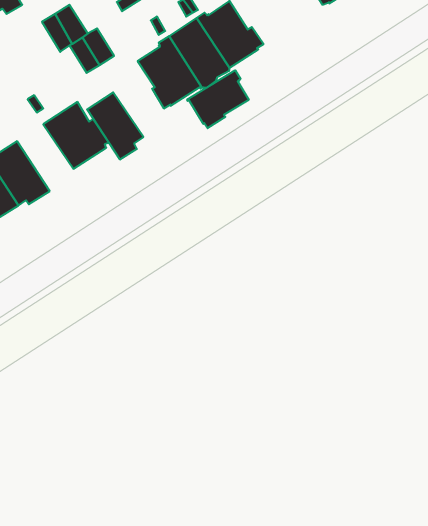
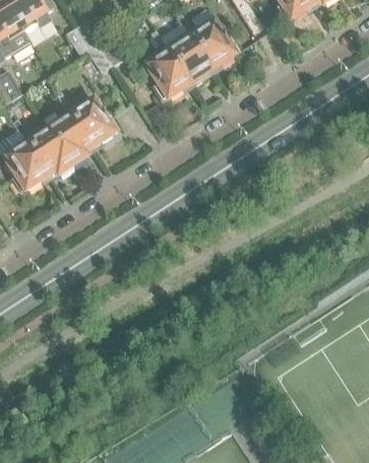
building: [187,70,249,128] -> none
building: [87,92,143,159] -> [48,114,91,166]

